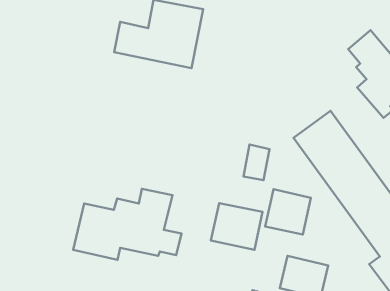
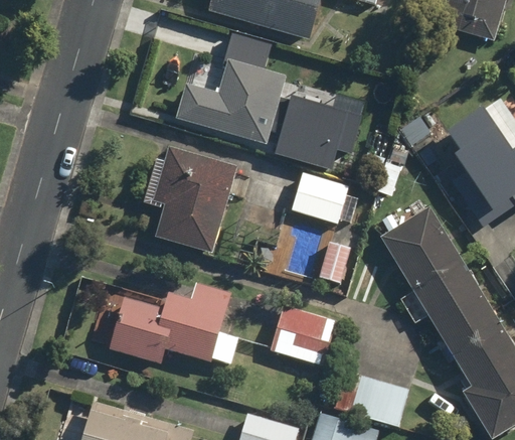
building: none -> [278,94,359,165]
building: none -> [152,149,236,254]
building: none -> [292,171,360,225]
building: [265,189,311,235] -> none

